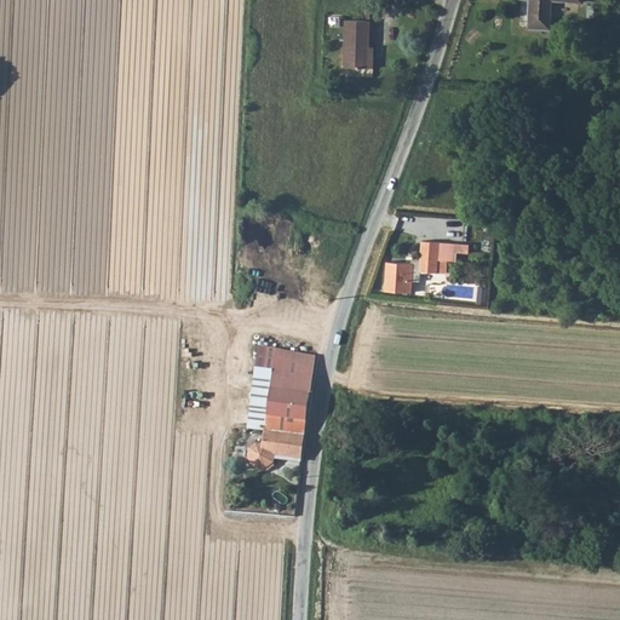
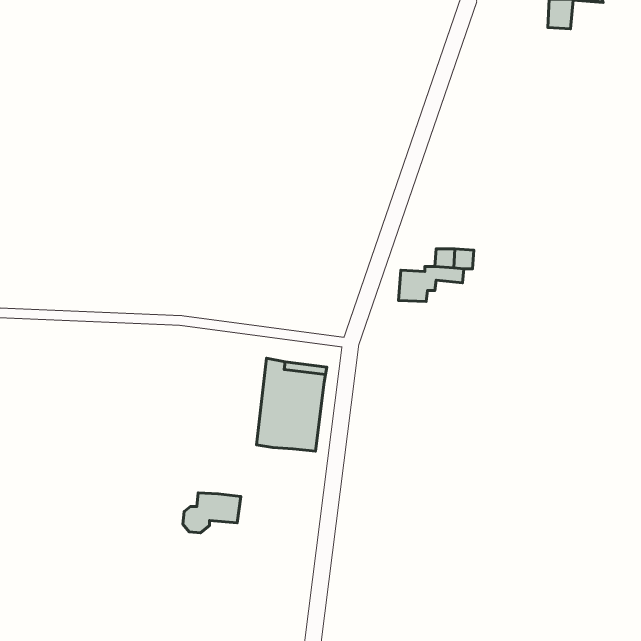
building: [343,25,372,74] -> none
building: [248,431,304,470] -> [183,493,241,533]

